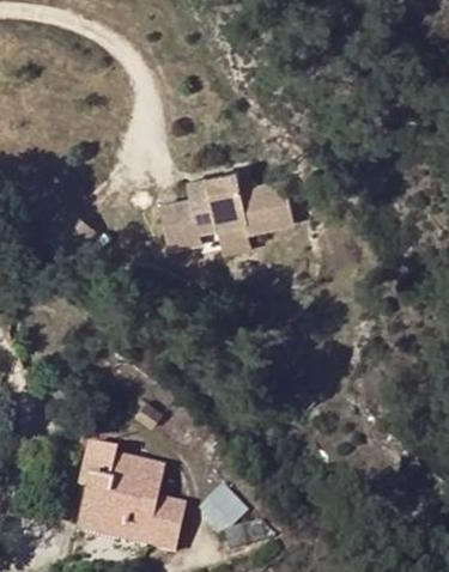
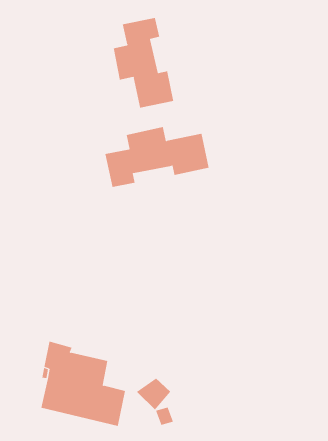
building: none -> [113,17,174,108]

